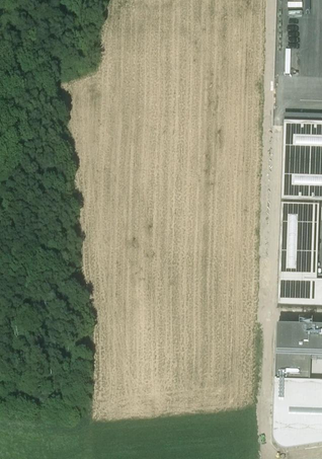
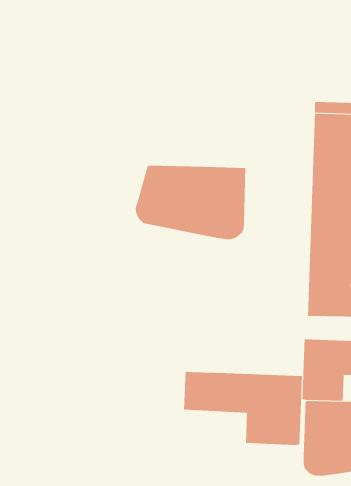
building: none -> [135,165,246,240]
building: none -> [183,371,302,446]

